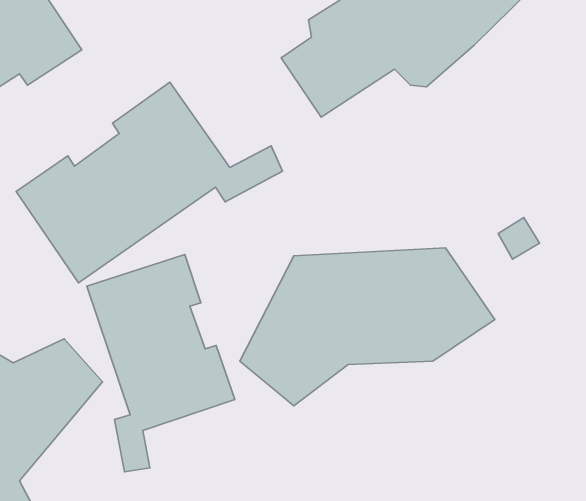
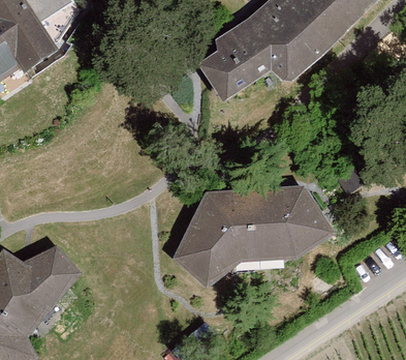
building: [16,82,283,283] -> none
building: [87,255,235,472] -> none

